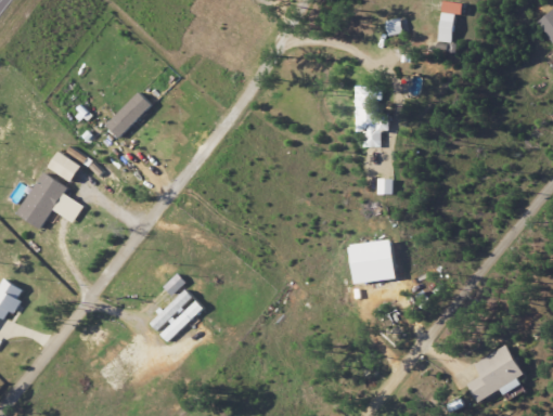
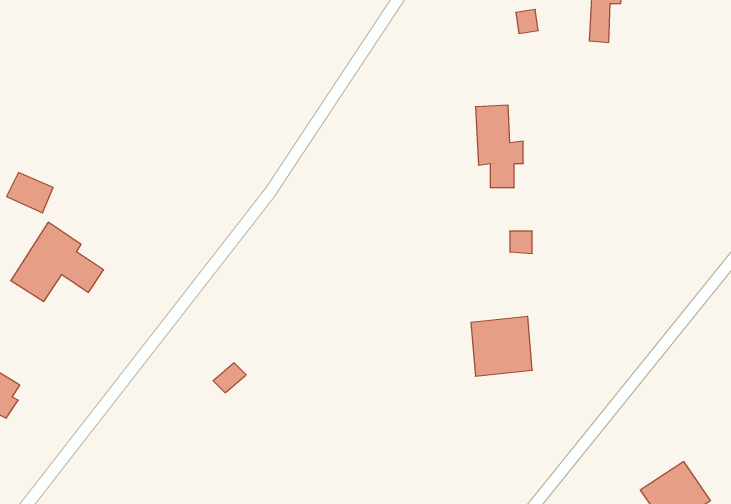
building: [105,93,152,138] -> none
building: [47,153,80,182] -> [7,173,53,213]
building: [149,289,204,342] -> none

